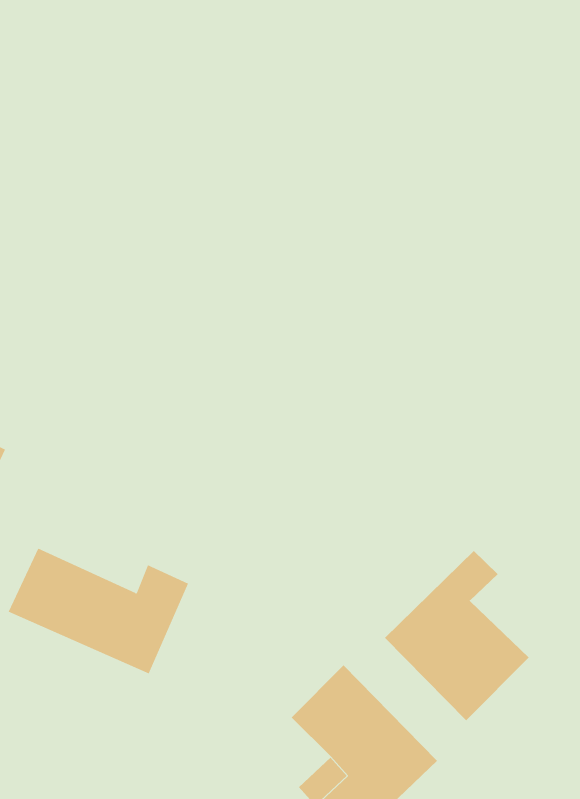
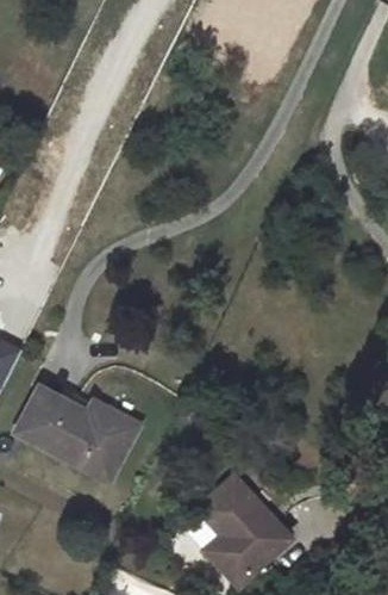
building: [384,550,529,721] -> none

